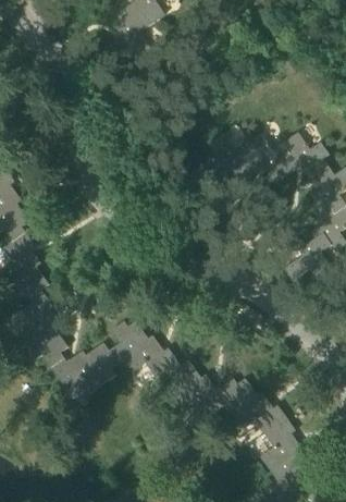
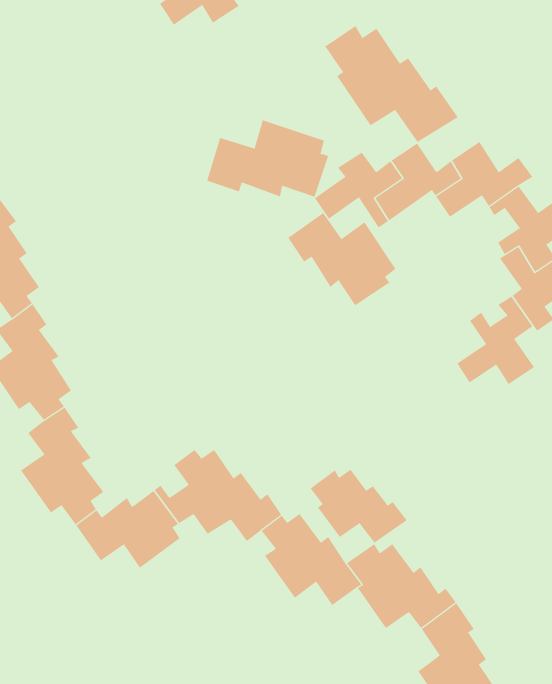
building: none -> [324,25,459,143]
building: none -> [207,120,329,197]
building: none -> [288,212,396,306]
building: none -> [310,469,408,543]

